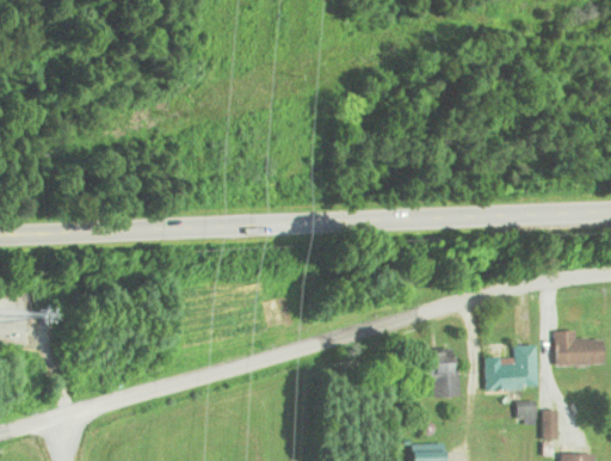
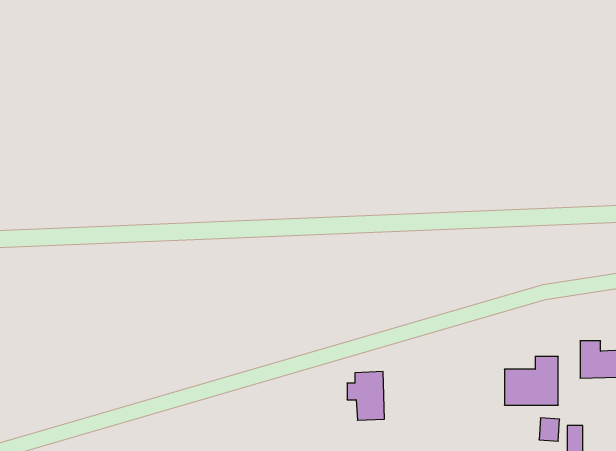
building: [422,352,457,398] -> [347,372,384,420]

